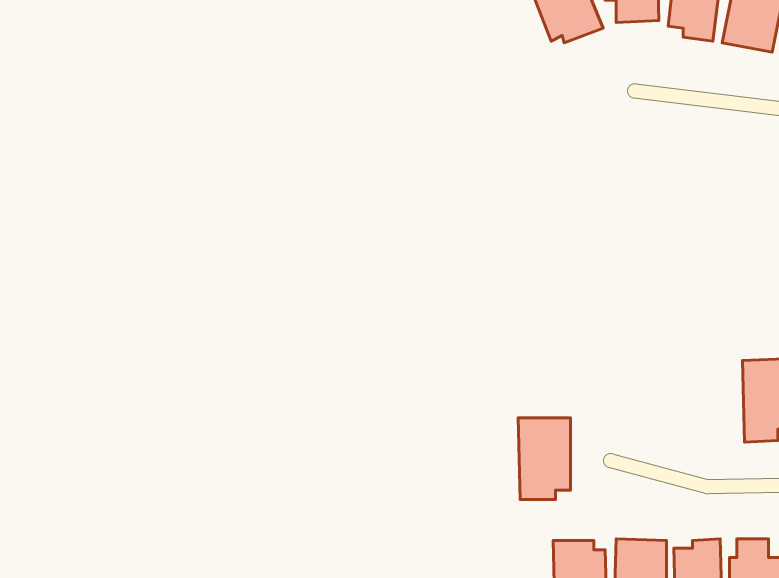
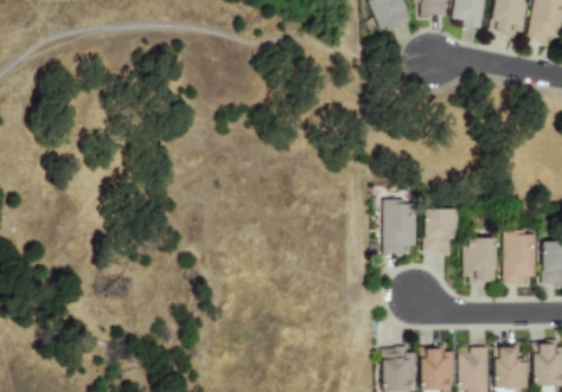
building: none -> [423,210,456,253]
building: none -> [462,238,496,282]
building: [518,418,570,499] -> [383,201,416,253]

